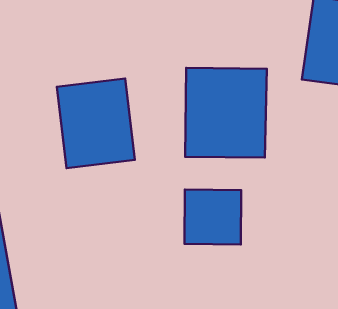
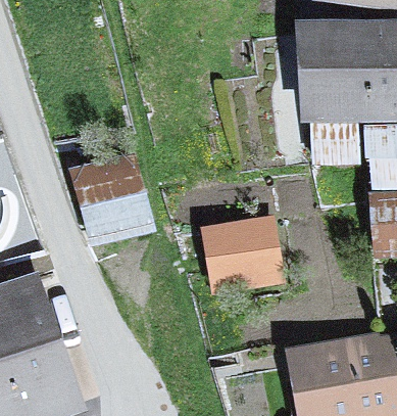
building: [185,68,267,158] -> none

